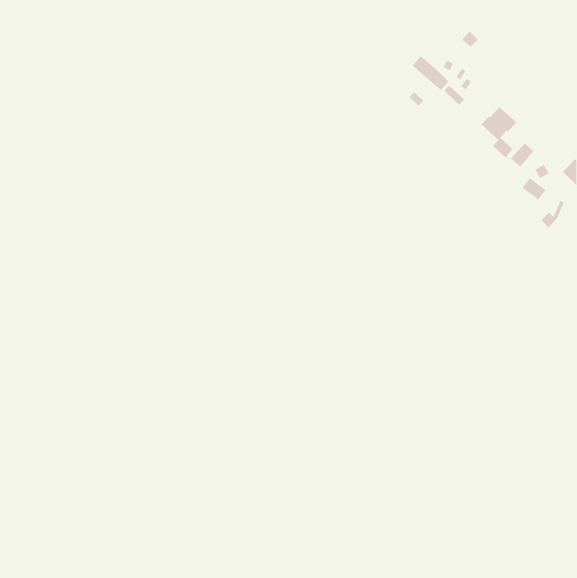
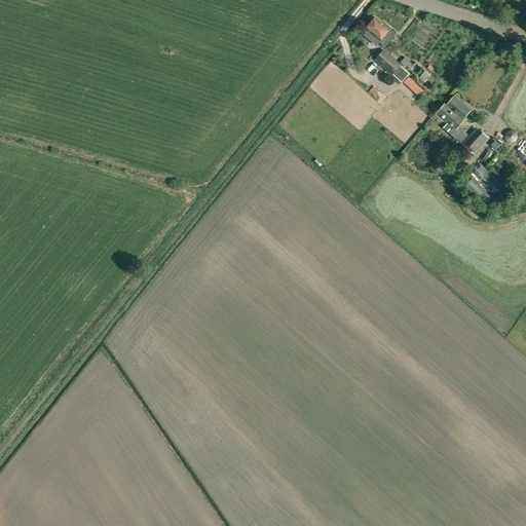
building: none -> [362,18,396,47]

